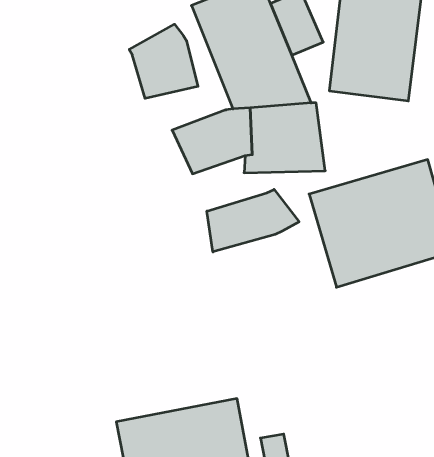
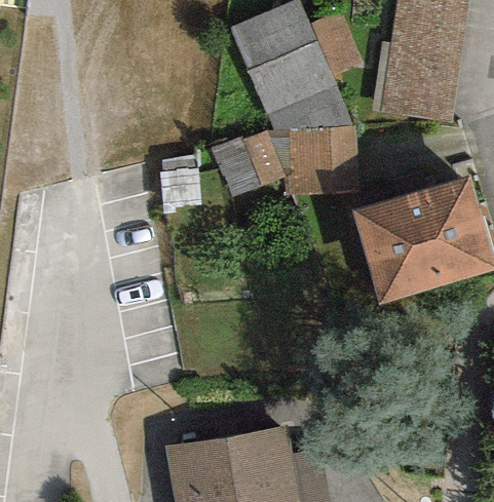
building: [129,24,198,98] -> none
building: [207,189,299,252] -> none

